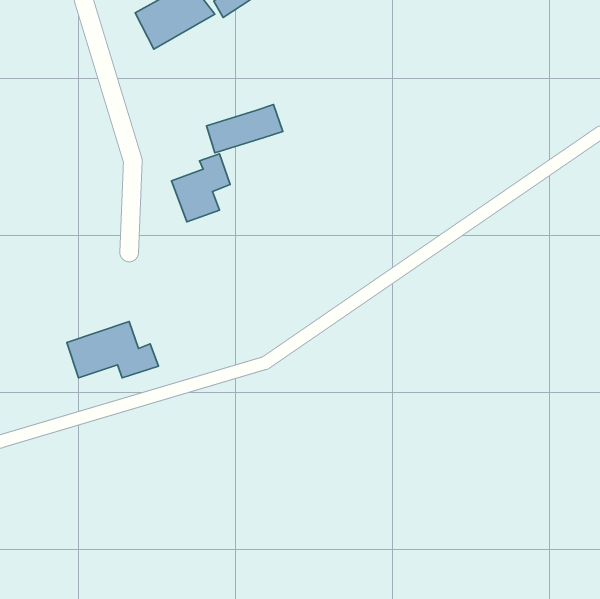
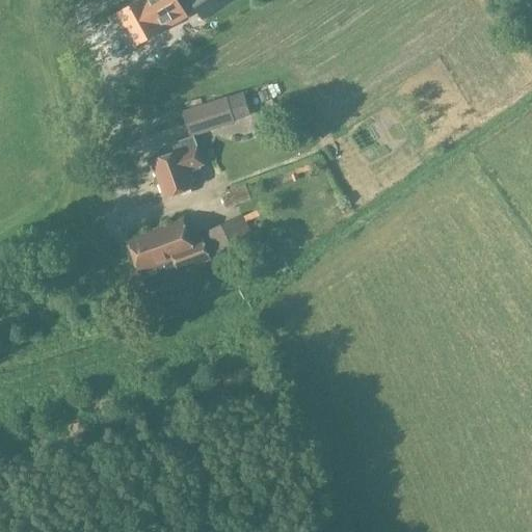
building: none -> [211,220,245,255]
building: [67,321,158,378] -> [128,219,209,269]

